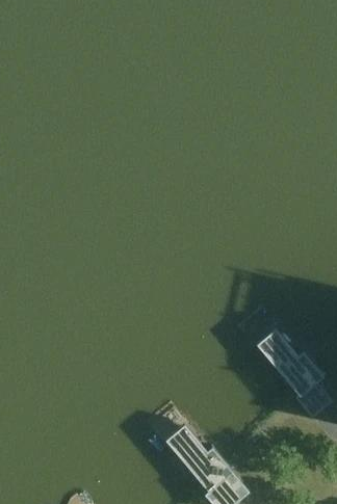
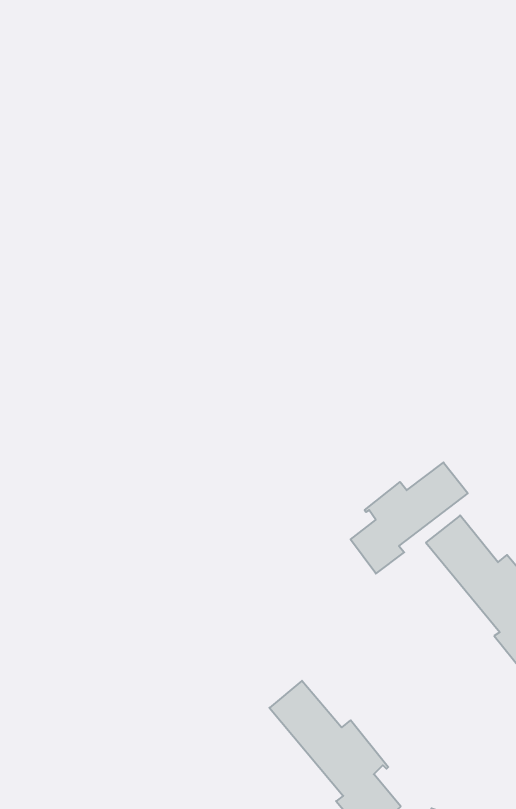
building: none -> [351,462,468,574]

